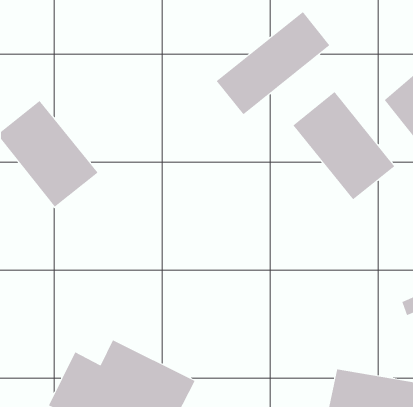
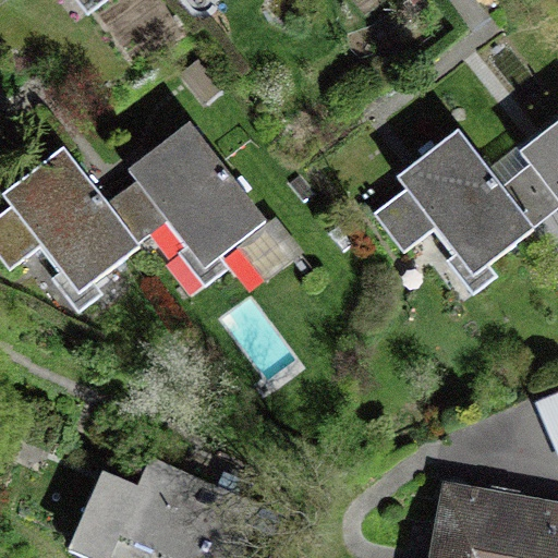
building: [216,11,330,115] -> none
building: none -> [123,118,263,264]

